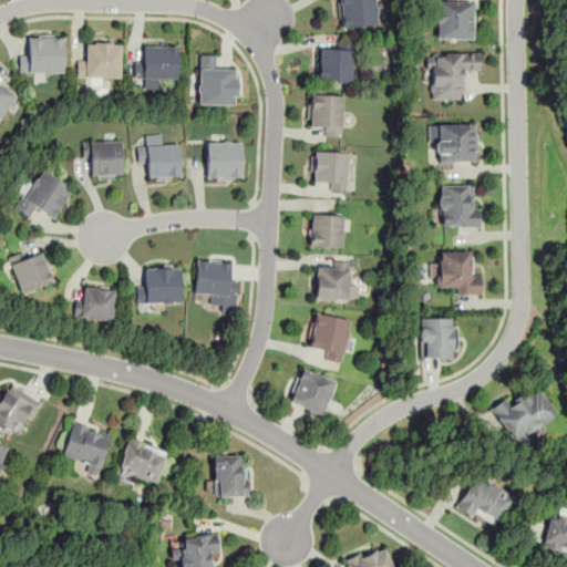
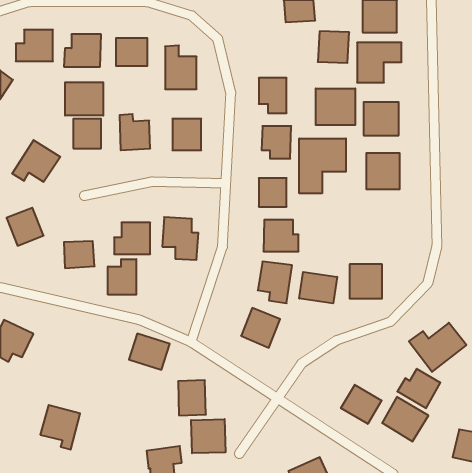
building: [319,43,357,81] -> [318,31,349,63]
building: none -> [65,82,103,116]
building: none -> [316,88,355,125]
building: none -> [299,138,346,193]
building: [437,250,483,295] -> none
building: none -> [108,259,136,295]
building: none -> [299,272,337,303]
building: [63,422,111,475] -> [40,405,80,450]
building: [118,441,167,484] -> [129,334,170,370]
building: none -> [397,369,440,408]
building: none -> [341,385,382,424]
building: none -> [191,419,225,453]

